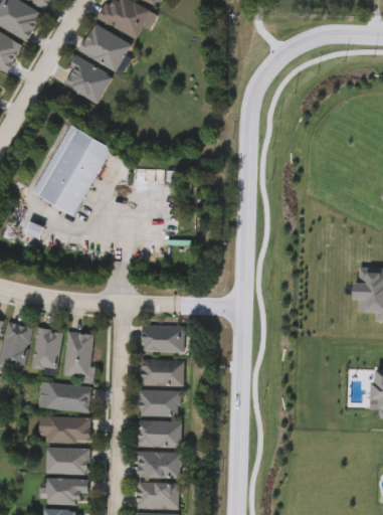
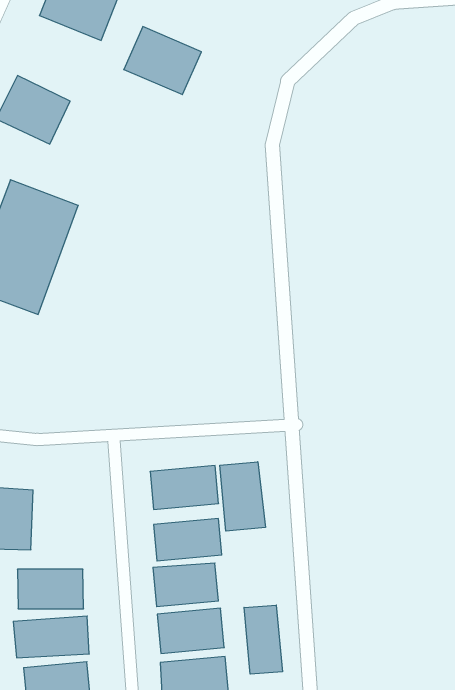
building: [78,23,131,70] -> [124,27,201,95]
building: none -> [220,462,265,531]
building: [64,332,93,377] -> none
building: none -> [244,605,282,674]

